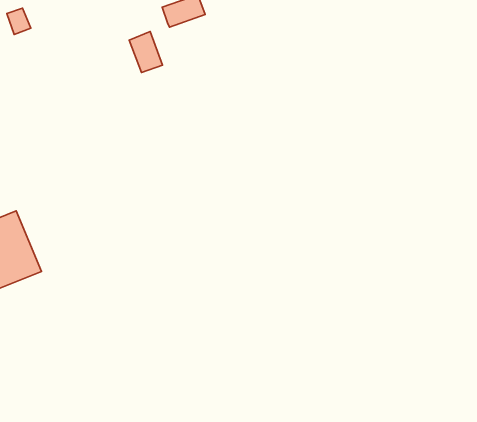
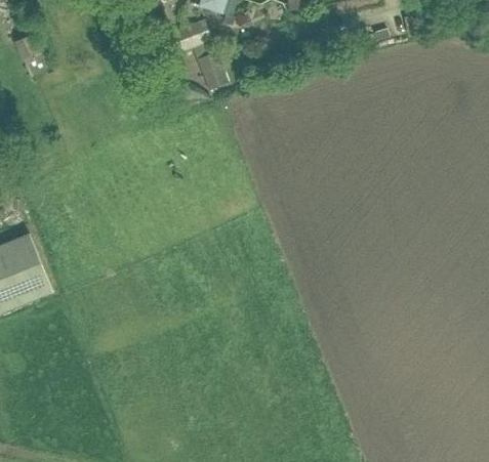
building: [129,32,163,73] -> [193,49,226,89]

